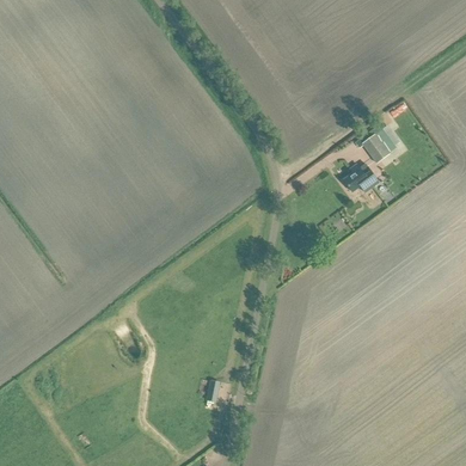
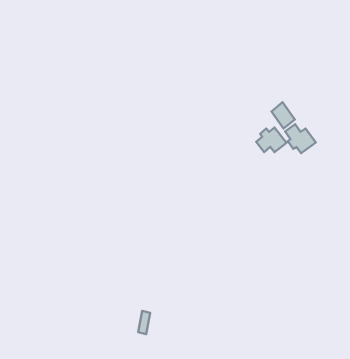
building: none -> [285,124,316,153]

